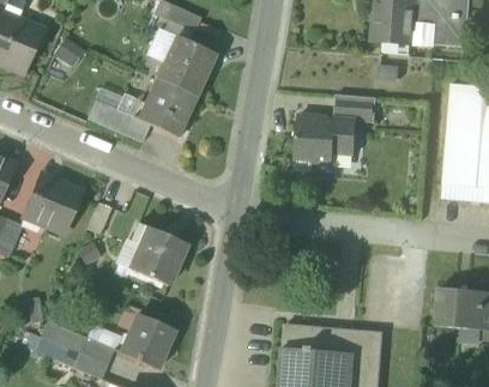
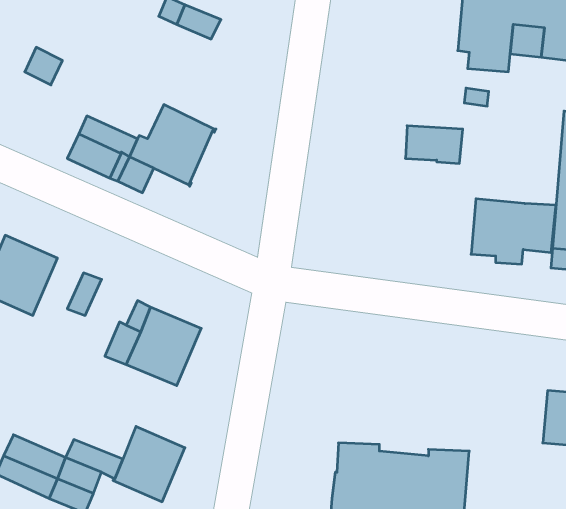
building: [158,42,213,97] -> none
building: [296,115,358,163] -> [471,199,556,264]

